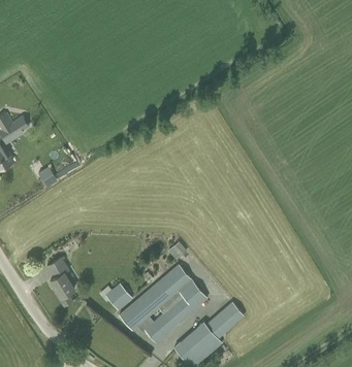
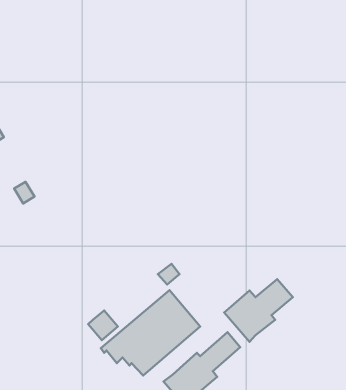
building: none -> [224,279,293,342]
building: [49,257,74,305] -> none

